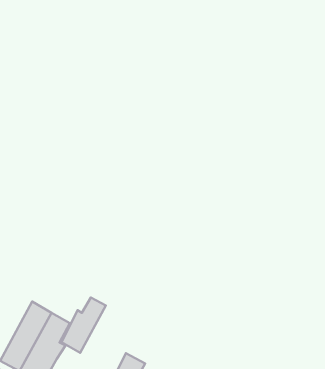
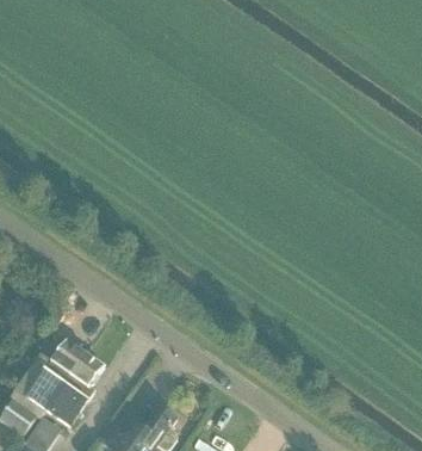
building: [62,298,106,353] -> none

